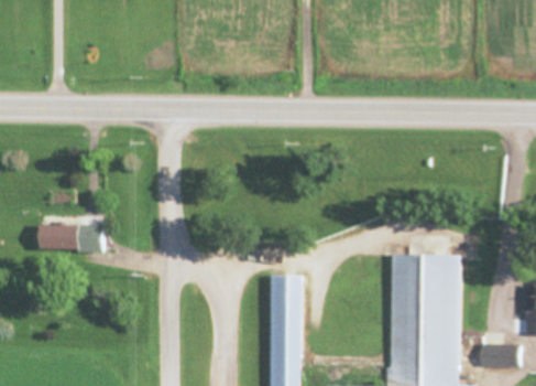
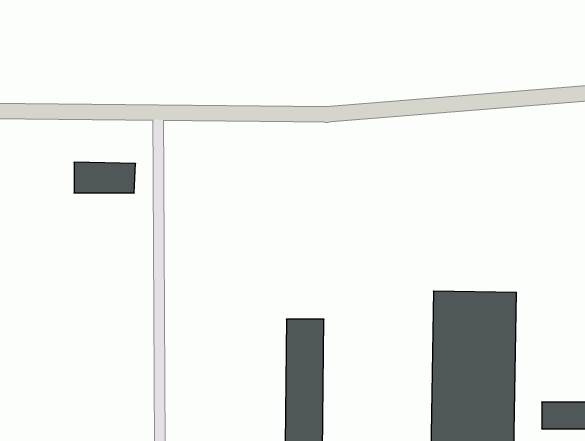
building: [45,224,96,249] -> [74,162,136,193]

